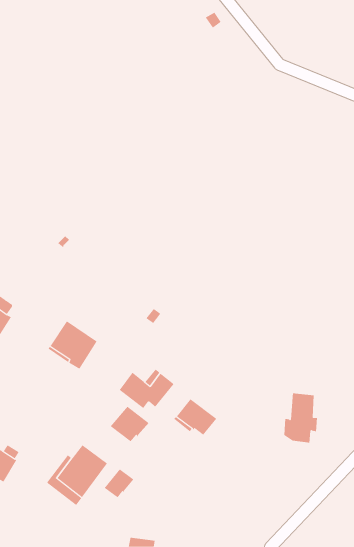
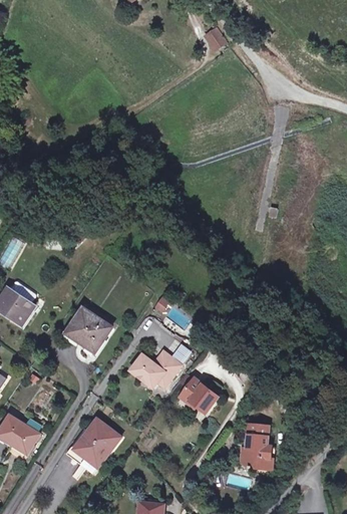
building: [283,393,318,443] -> [240,425,271,470]
building: [110,406,149,442] -> none
building: [104,468,134,498] -> none

